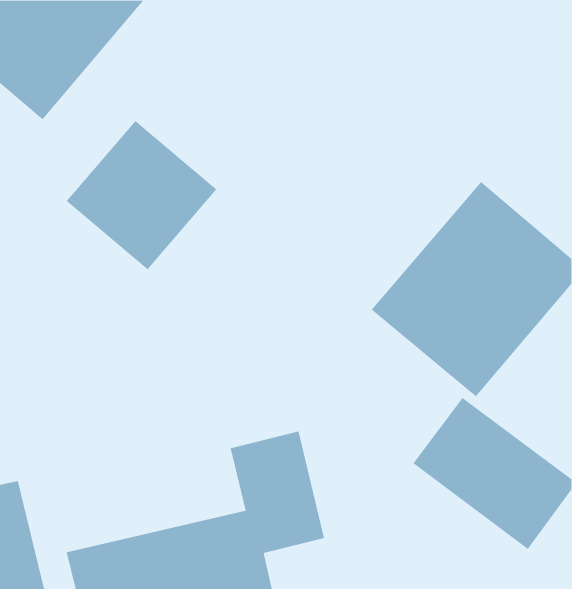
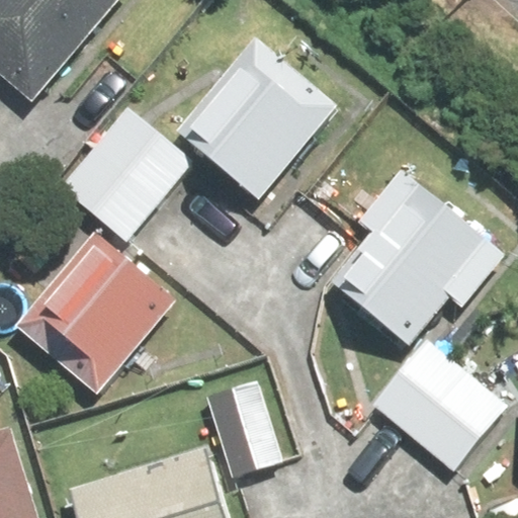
building: none -> [183,38,349,206]
building: none -> [30,233,177,381]

